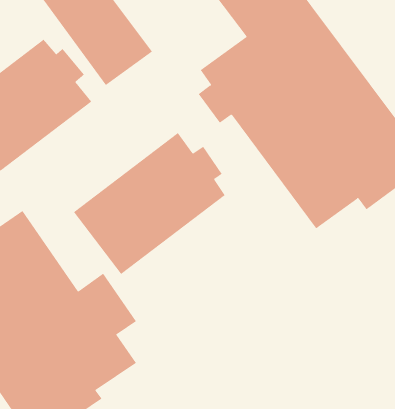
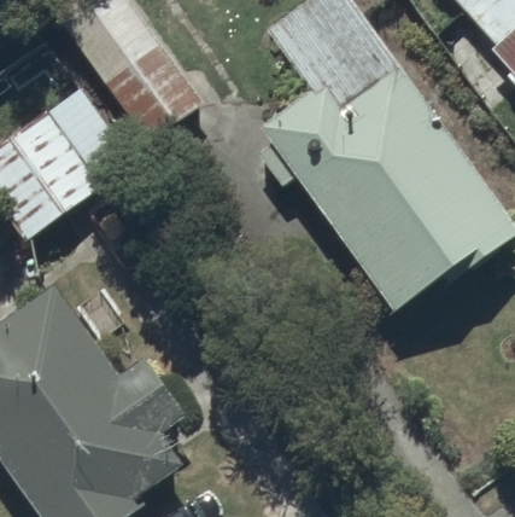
building: [73,132,226,275] -> none

